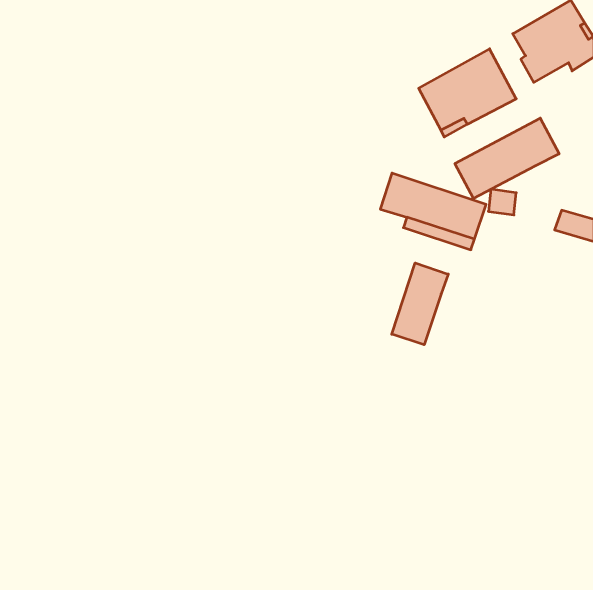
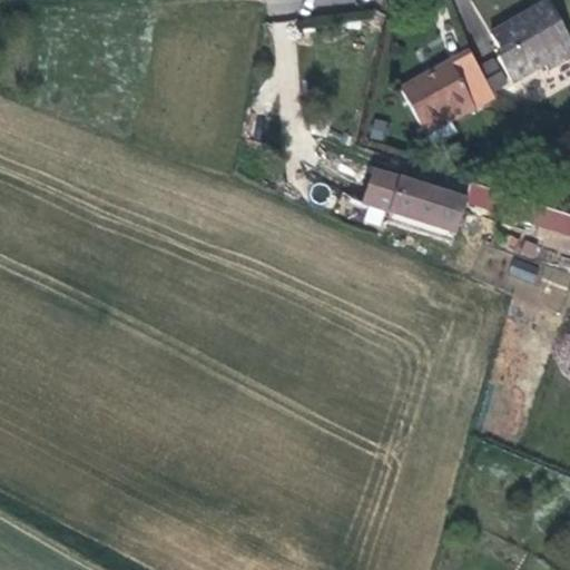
building: [455,118,559,198] -> none
building: [392,263,448,345] -> none

